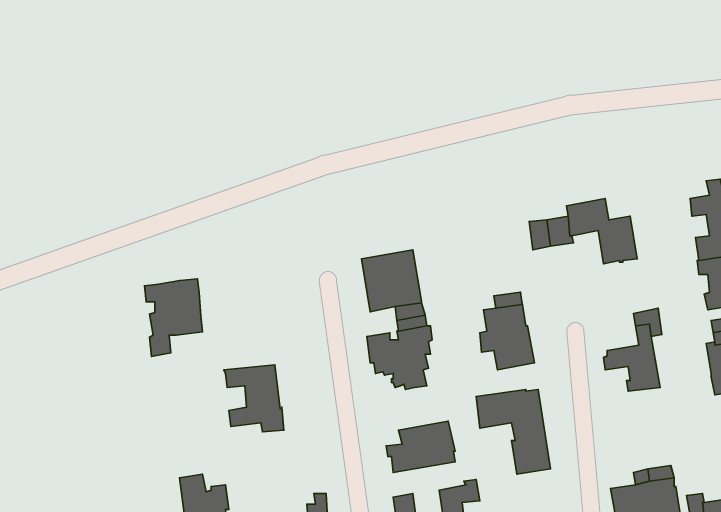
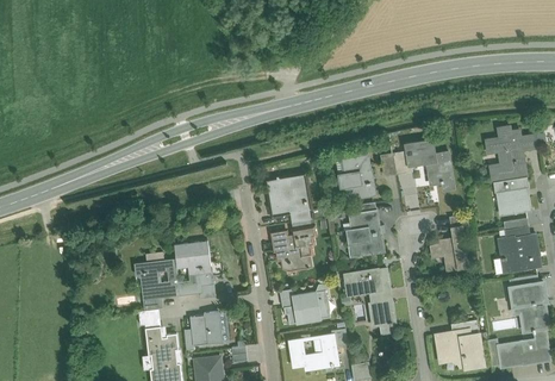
building: none -> [337,155,375,200]
building: [144,279,203,357] -> [139,258,179,311]
building: none -> [189,312,220,345]

